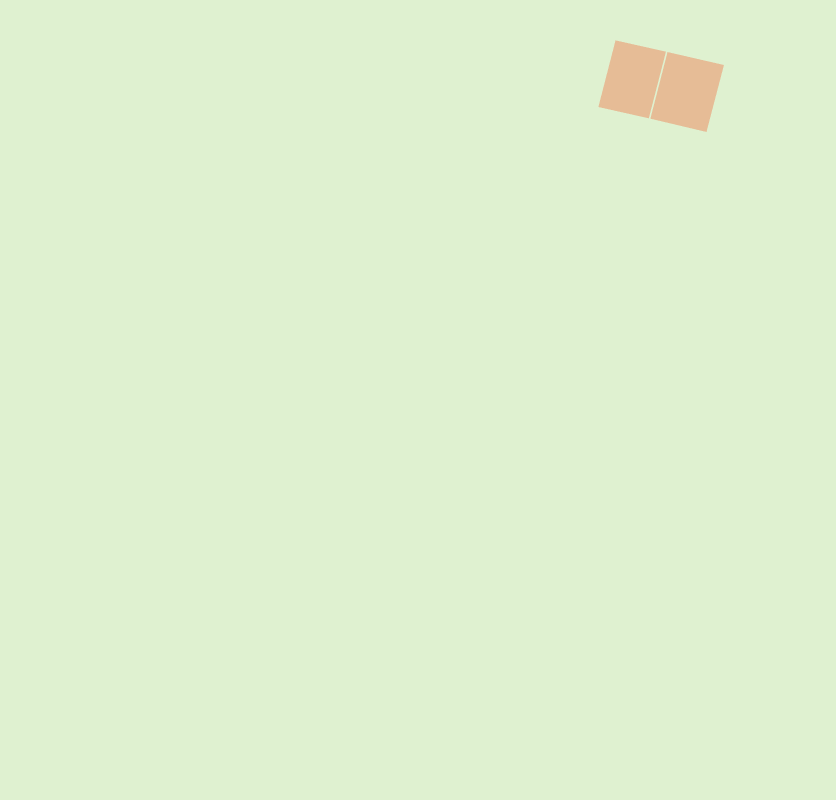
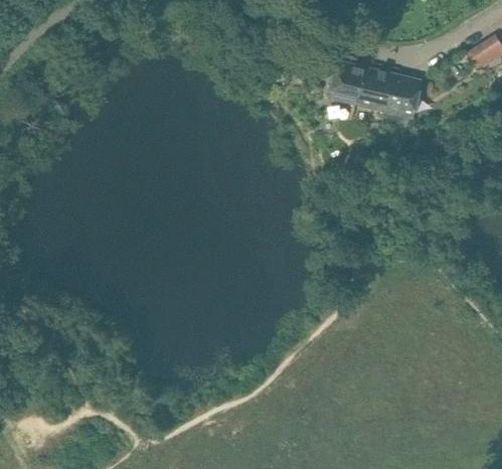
building: none -> [385,73,422,116]

